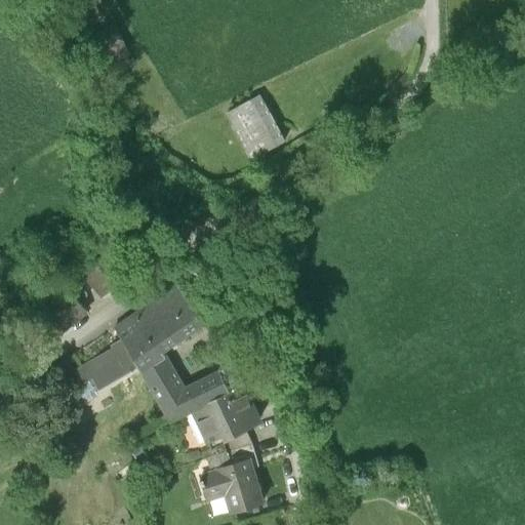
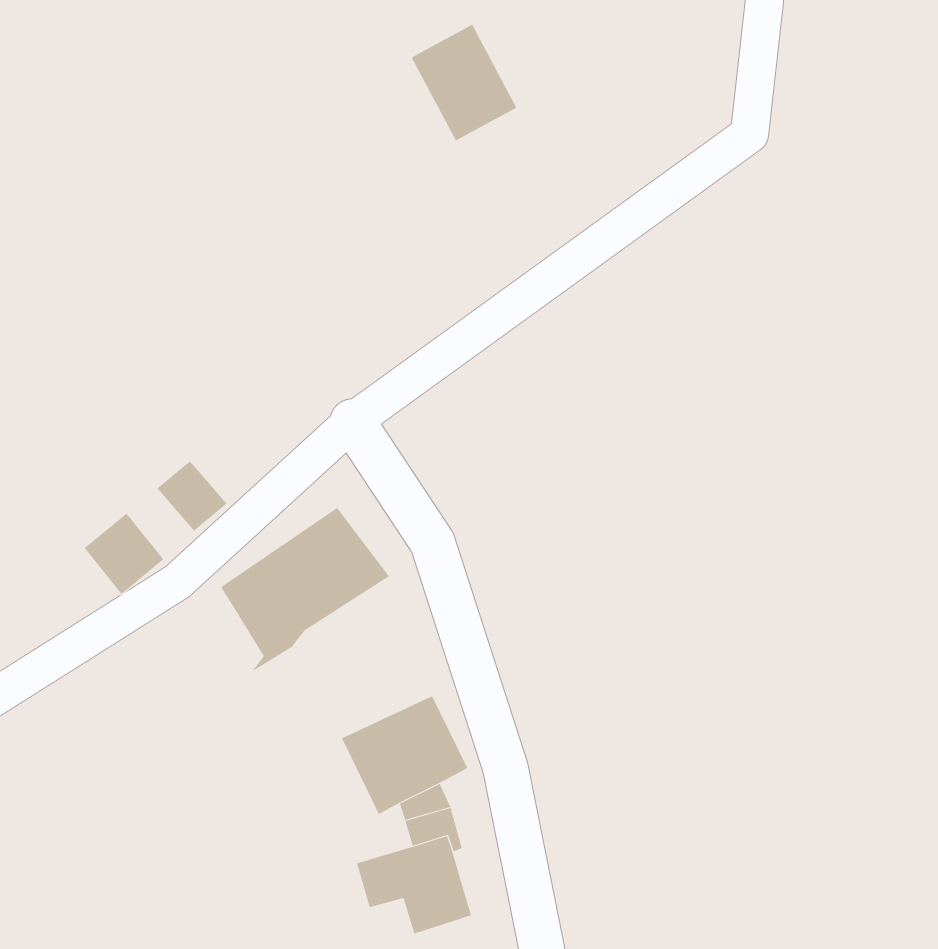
building: [232,92,290,157] -> [411,24,517,141]
building: [71,336,145,385] -> none
building: [137,339,238,419] -> none

